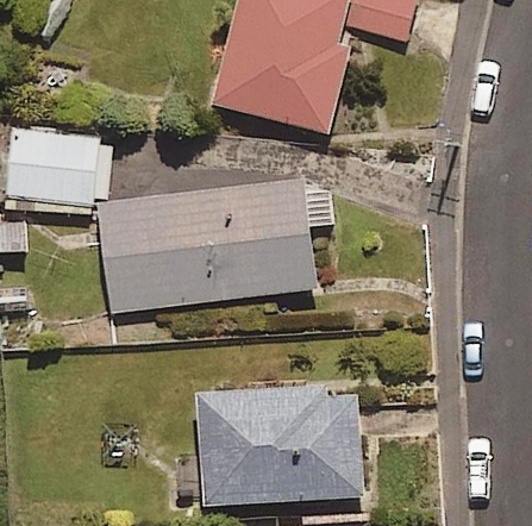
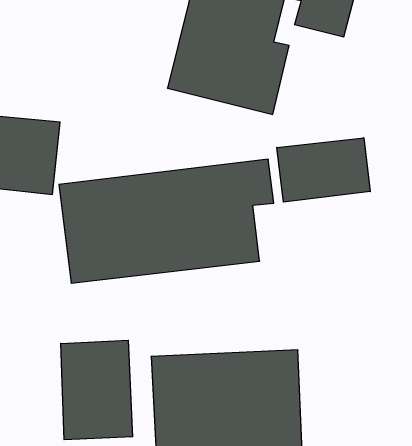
building: none -> [277,138,370,202]
building: none -> [61,340,133,440]

